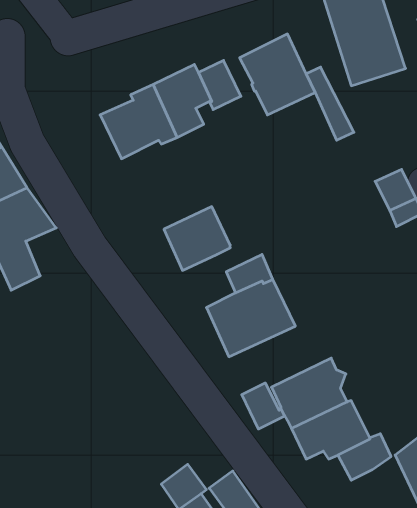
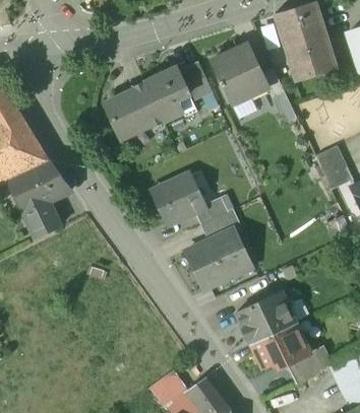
building: none -> [193,196,228,224]
building: [242,383,284,429] -> none

